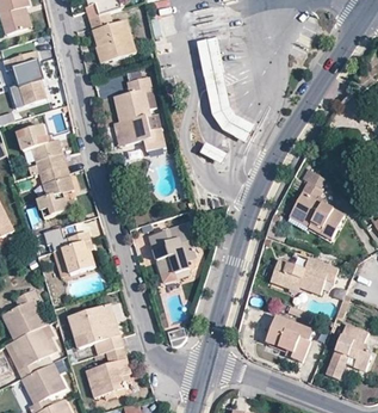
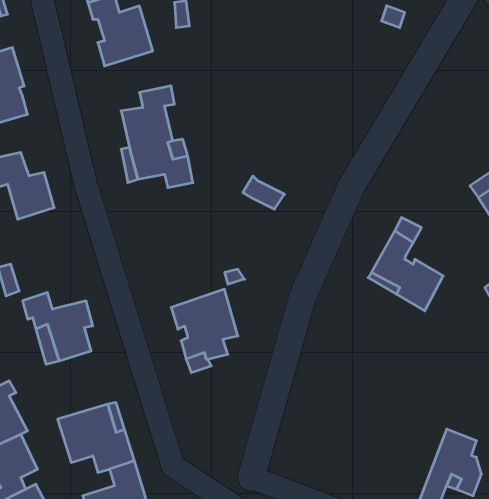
building: [196,38,254,142] -> none
building: [37,164,72,216] -> none
building: [269,257,337,292] -> none
building: [265,315,312,359] -> none

